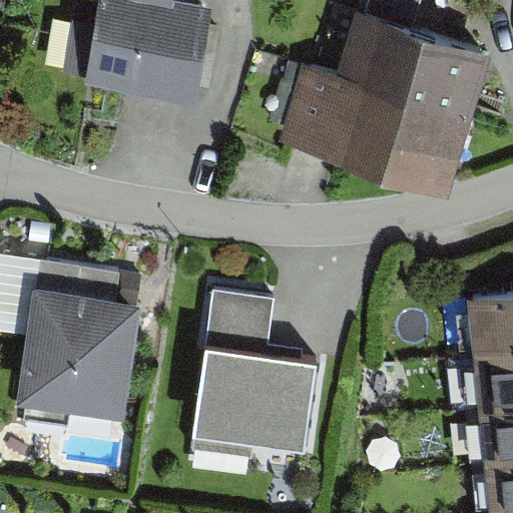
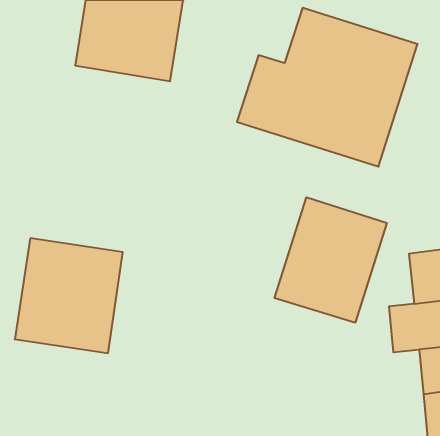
building: none -> [275,197,387,323]
building: [183,292,311,456] -> none

